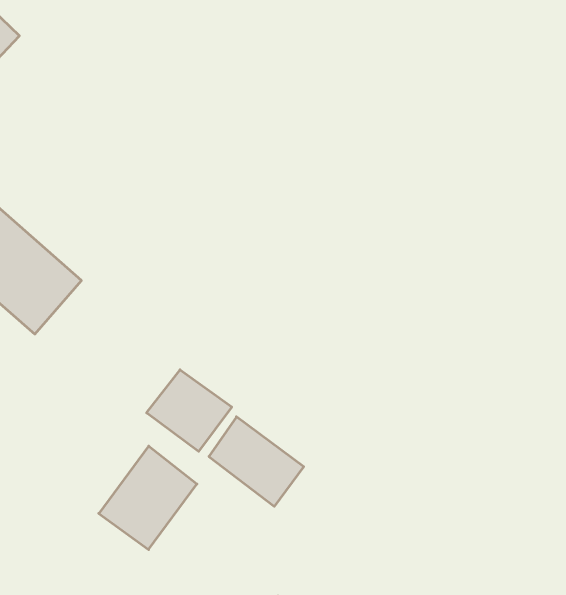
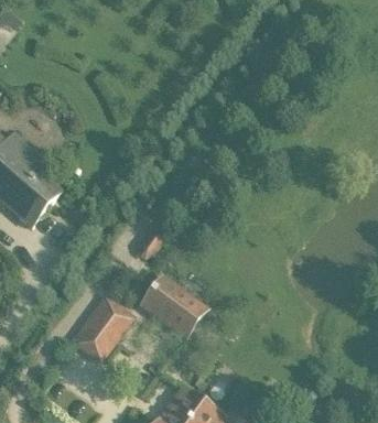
building: [147,370,232,451] -> none

